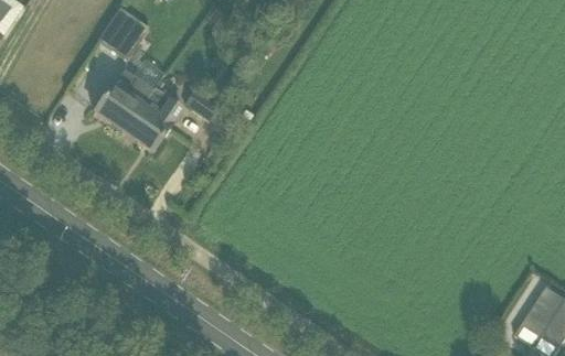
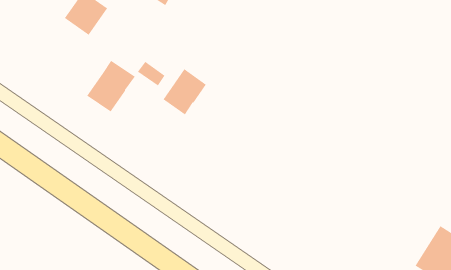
building: [95,66,153,129] -> none
building: none -> [163,68,207,116]

